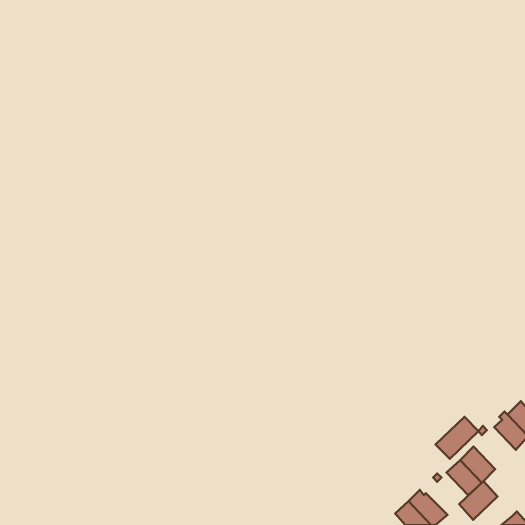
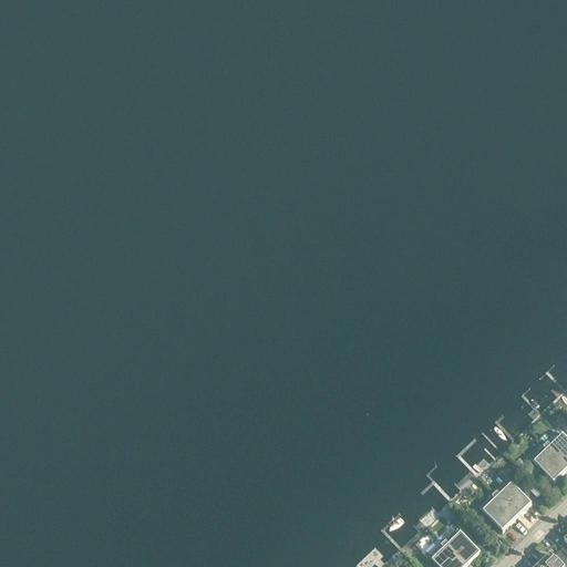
building: [435,417,479,459] -> none
building: [459,481,497,520] -> none

